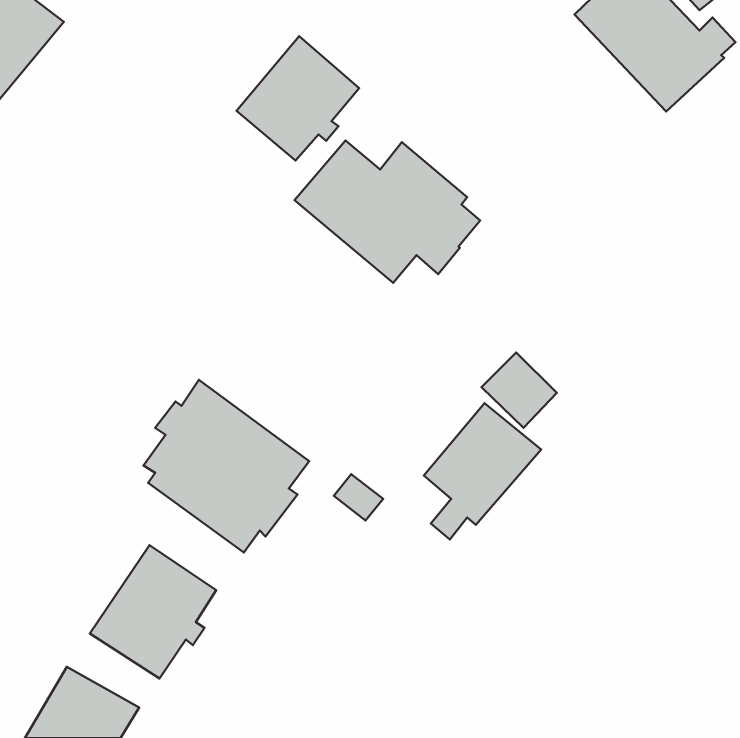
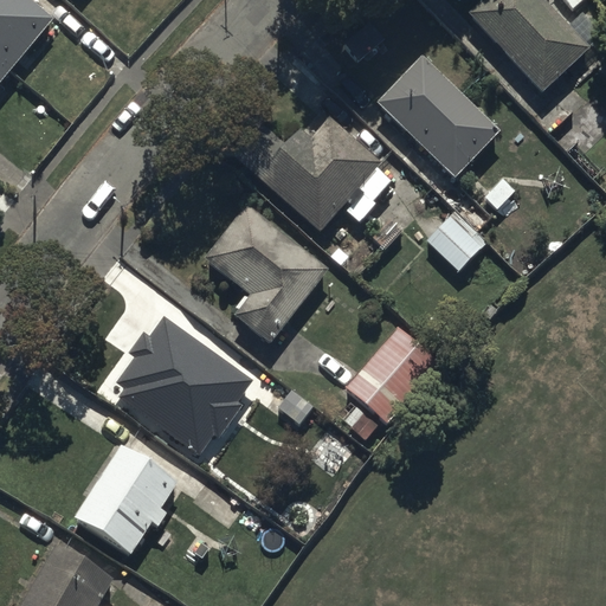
building: [236,36,359,160] -> none
building: none -> [376,54,501,178]
building: none -> [205,205,329,343]
building: [481,352,557,428] -> [425,211,486,272]

